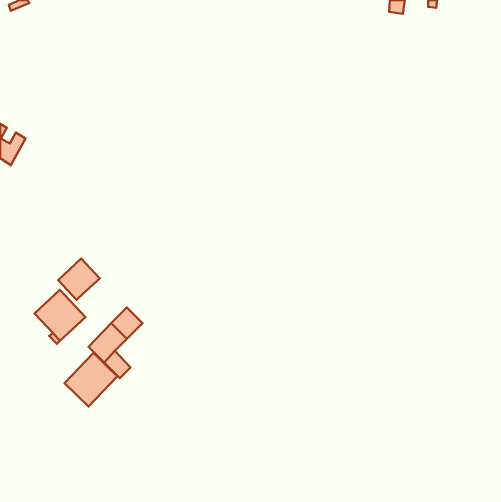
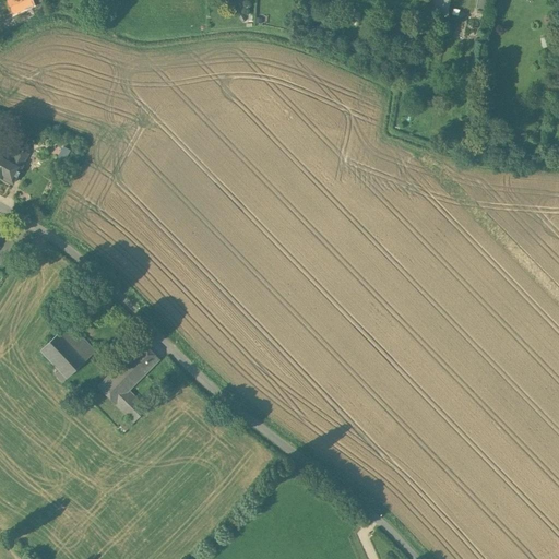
building: [58,259,100,300] -> none
building: [64,353,118,406] -> none

